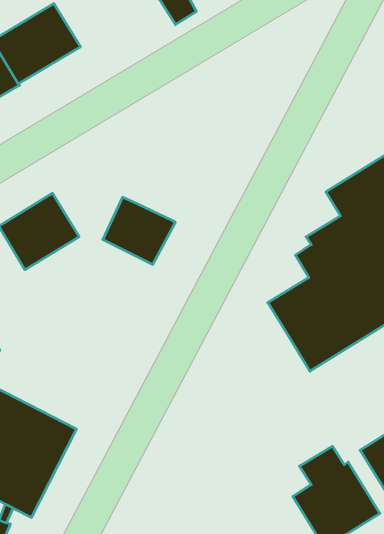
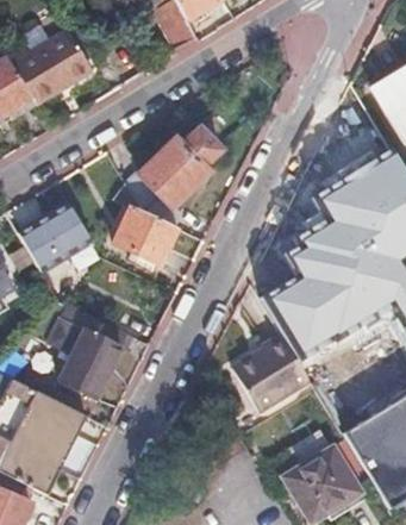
building: none -> [126,126,220,225]
building: none -> [29,298,129,395]
building: none -> [231,333,310,411]

